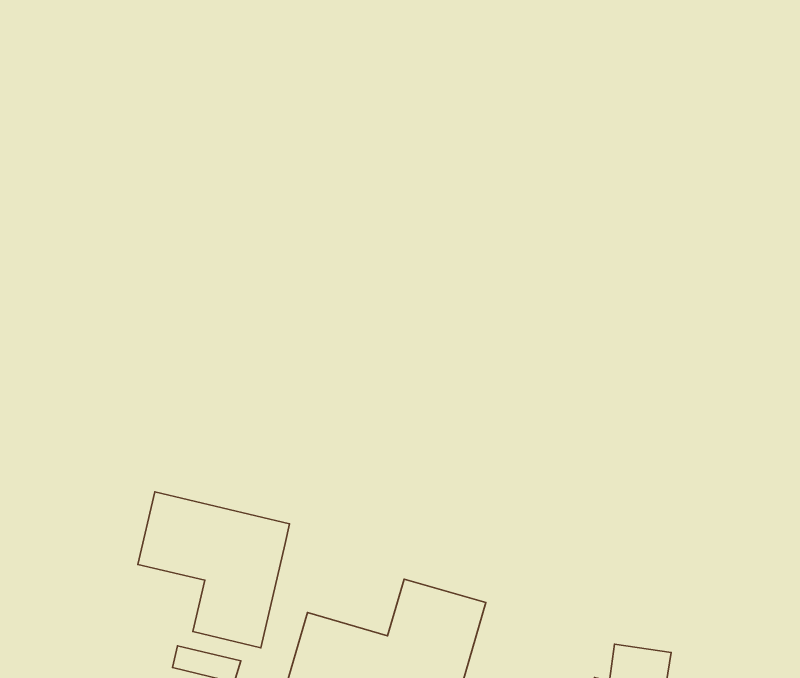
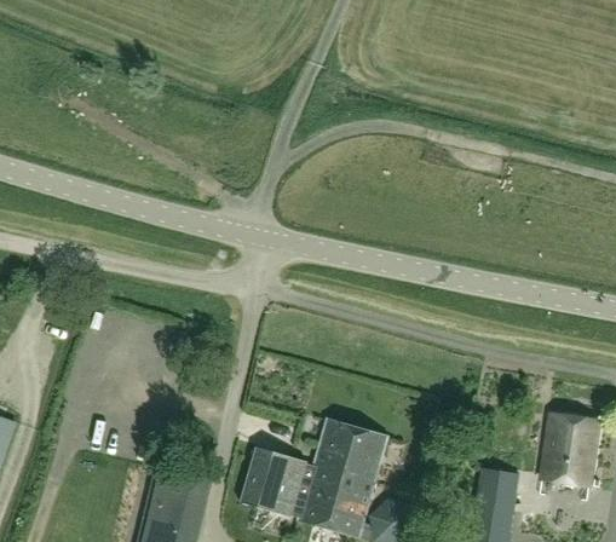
building: [138,492,290,648] -> none
building: none -> [540,415,599,485]

